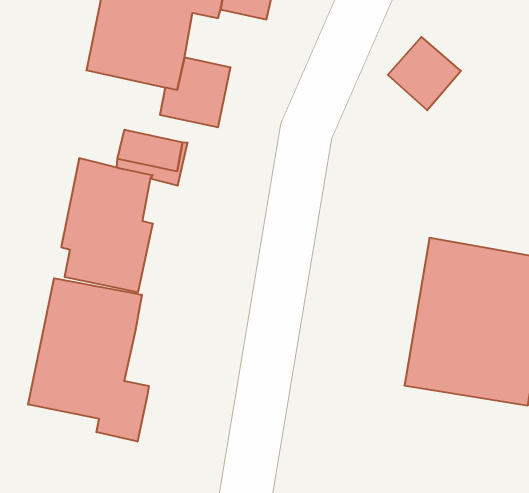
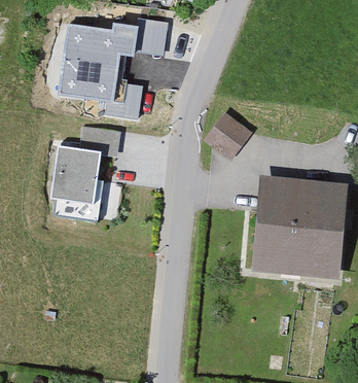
building: [388,37,461,110] -> [206,114,249,158]
building: [28,278,149,442] -> none

